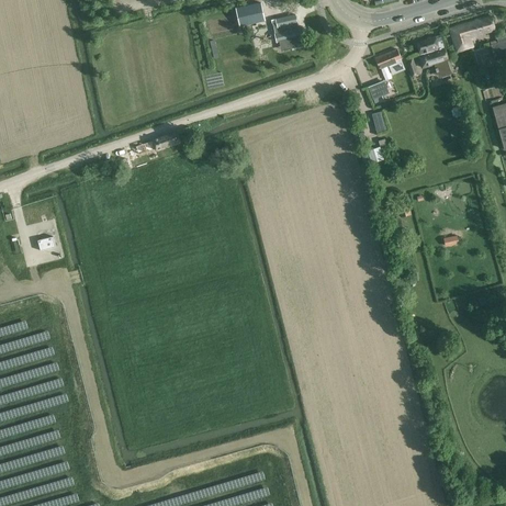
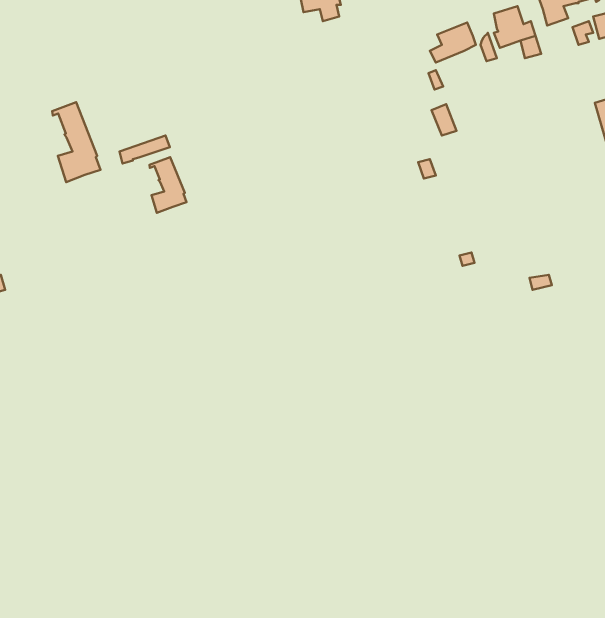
building: none -> [52,102,101,182]
building: none -> [150,157,187,213]

